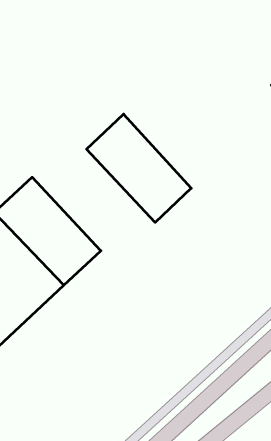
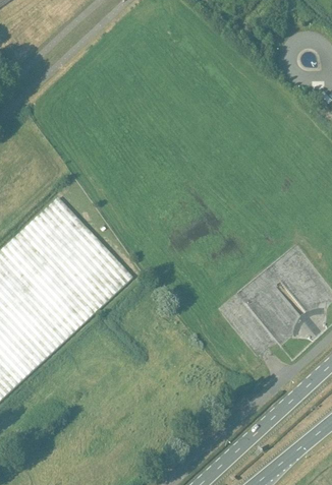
building: [87,114,191,222] -> none

